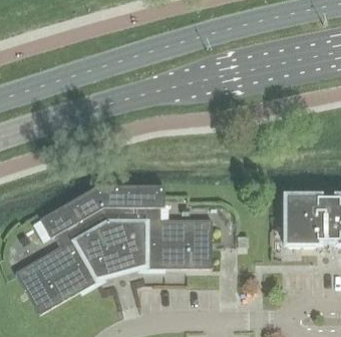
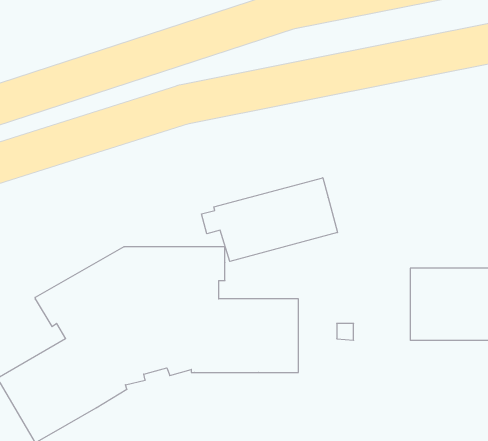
building: none -> [202,178,337,261]

